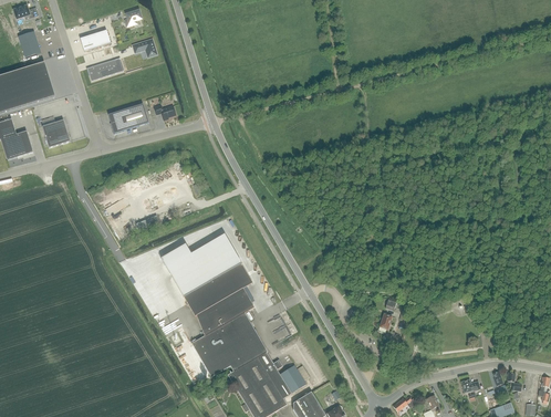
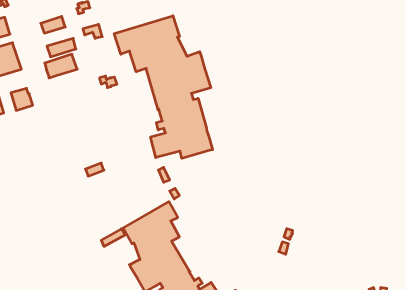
building: none -> [114,16,213,158]
building: [108,103,149,133] -> [45,54,77,78]
building: [162,233,241,295] -> none

